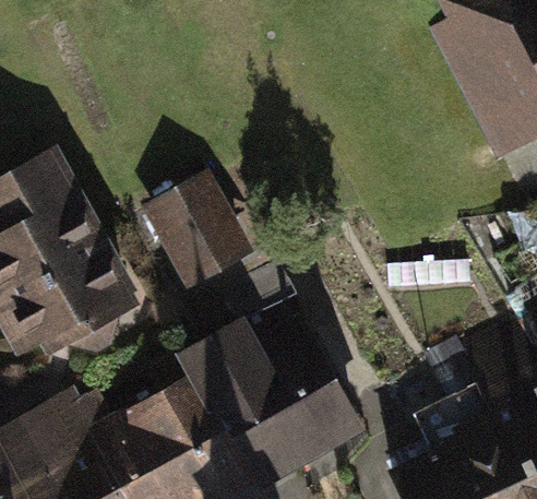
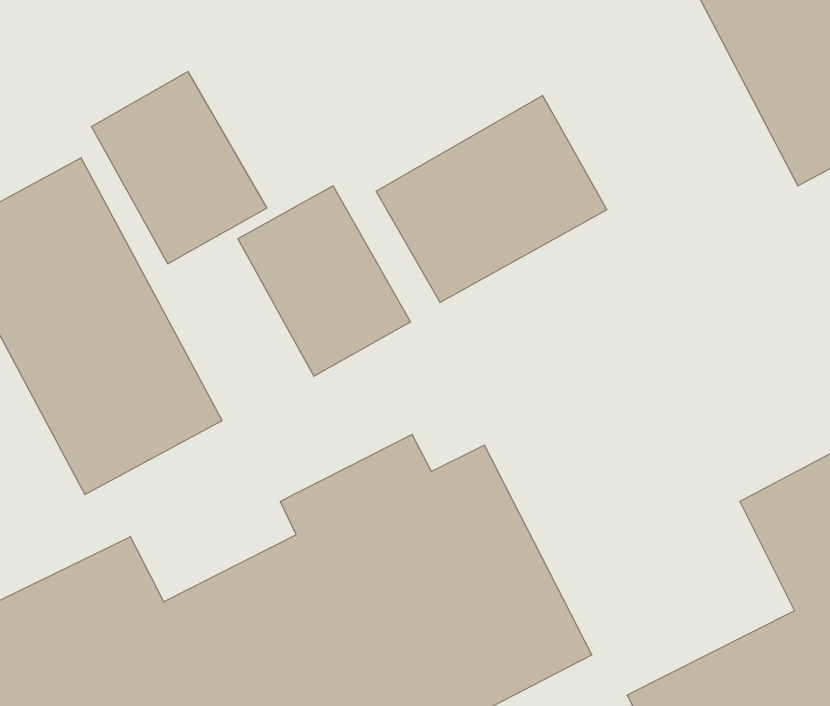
building: none -> [92,72,267,264]
building: none -> [376,95,607,303]

